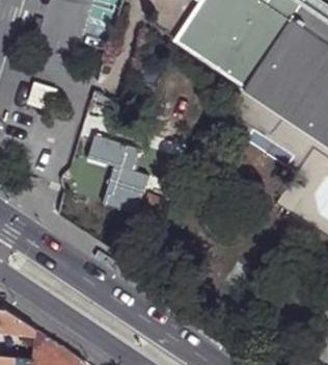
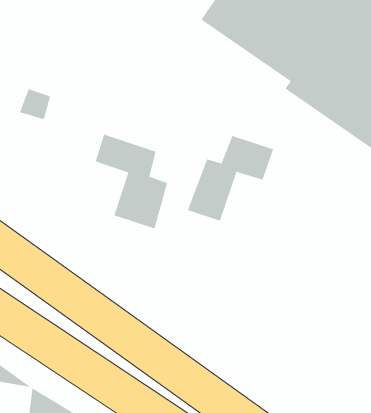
building: none -> [187,135,274,221]

